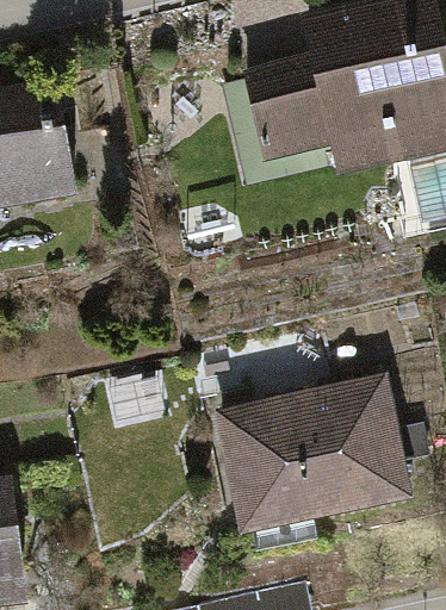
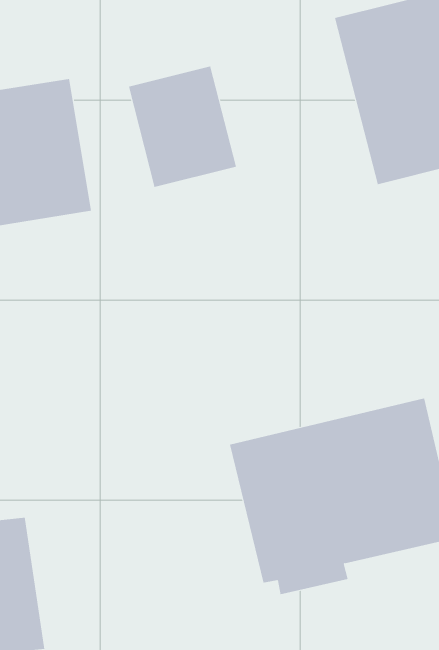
building: [240,51,340,163] -> [128,66,237,188]

